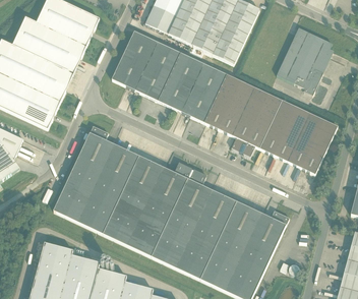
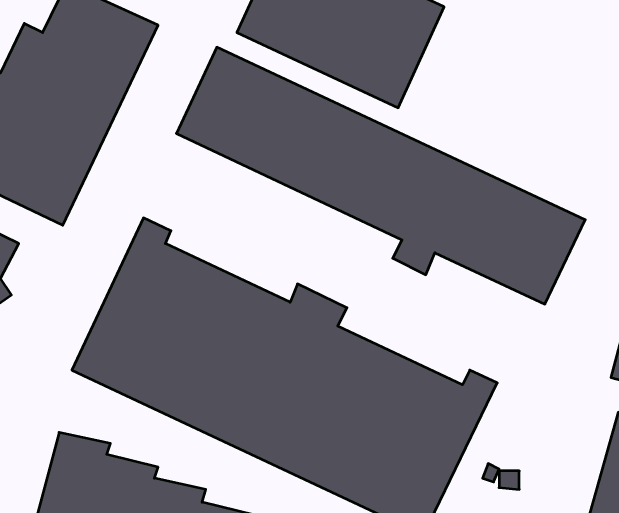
building: [276,27,332,96] -> none

